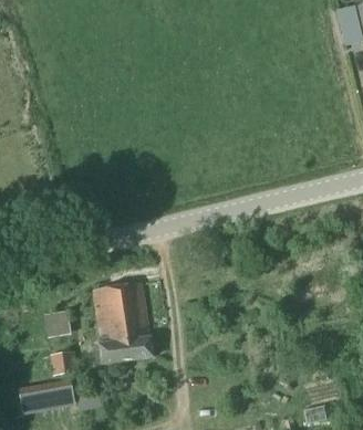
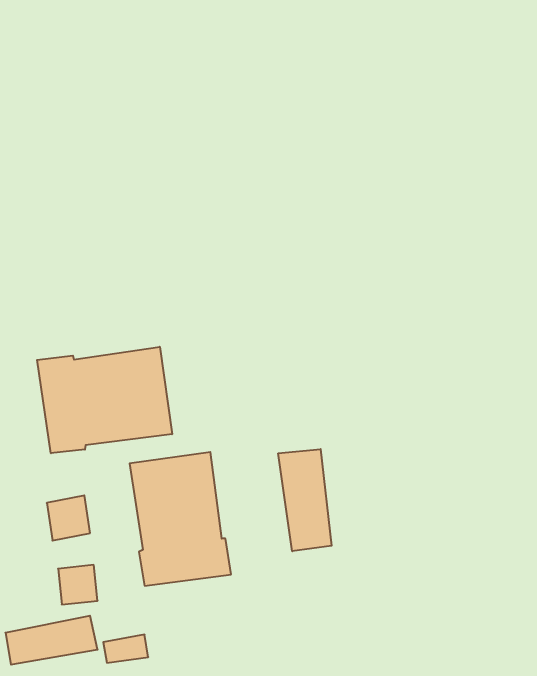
building: none -> [37,347,172,453]
building: none -> [278,449,332,551]

